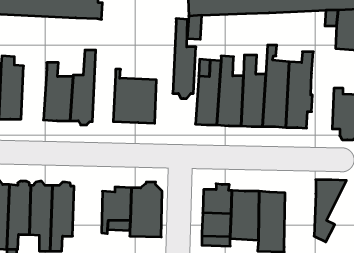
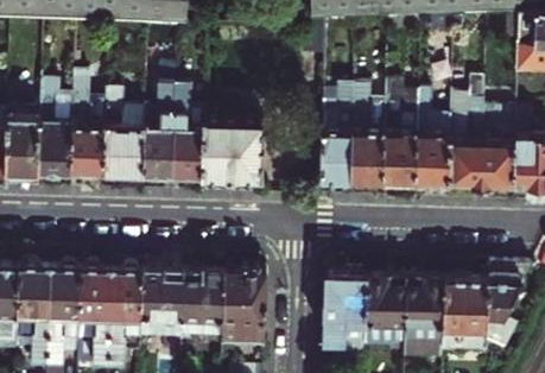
building: [173,19,196,98] -> [167,68,201,182]
building: none -> [65,74,102,172]
building: none -> [474,106,514,185]
building: none -> [139,267,182,354]
building: none -> [442,277,487,355]

